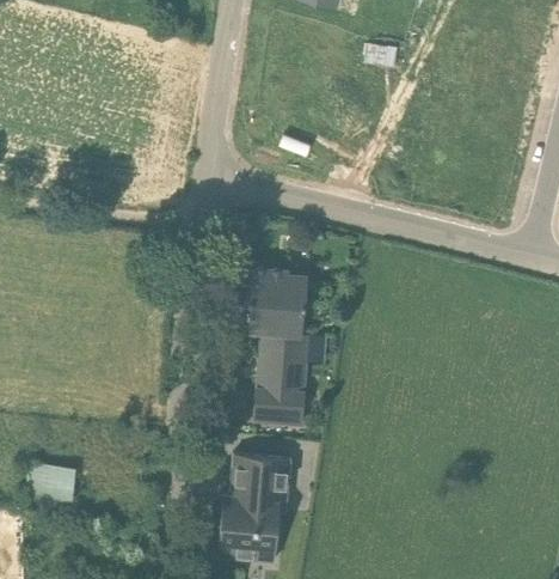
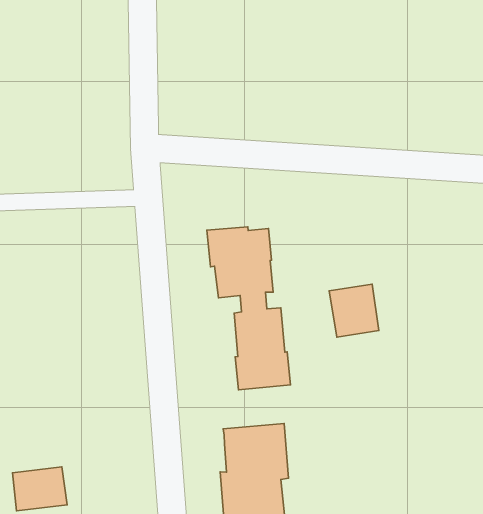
building: none -> [329,284,379,337]

